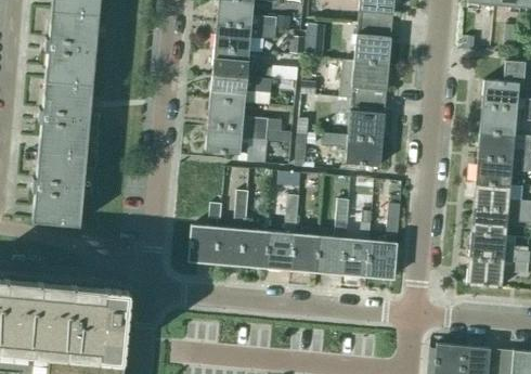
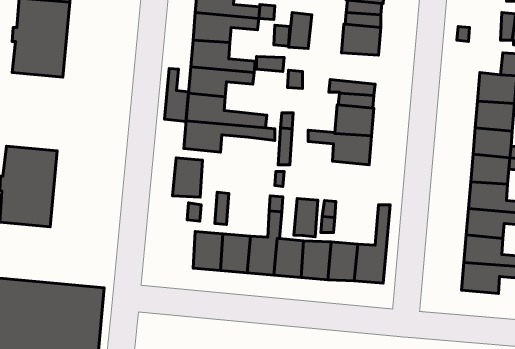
building: [344,61,389,90] -> none
building: none -> [165,69,189,121]
building: [38,79,92,153] -> none
building: none -> [294,198,318,237]
building: [189,227,217,263] -> [173,158,203,197]

